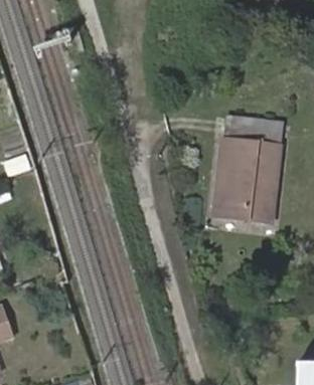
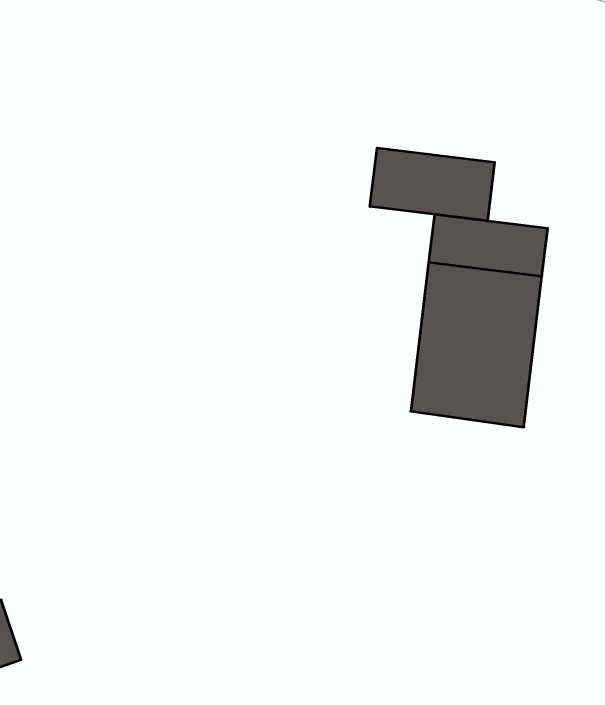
building: none -> [370,148,495,221]

